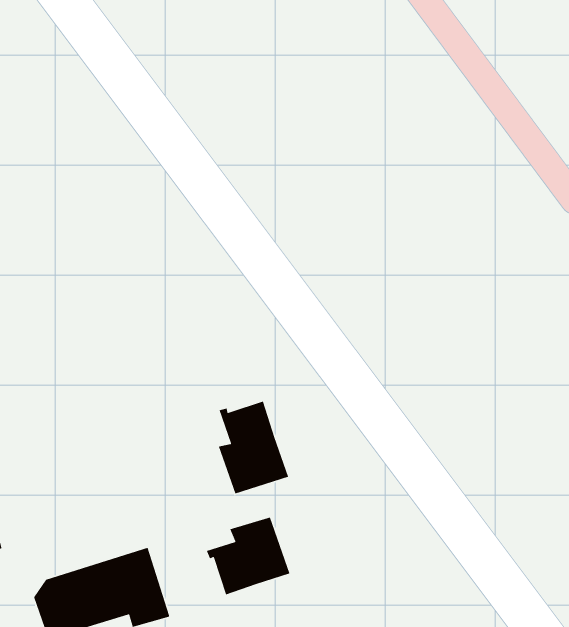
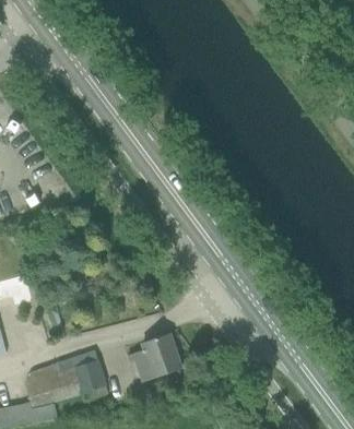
building: [218,401,289,494] -> none

